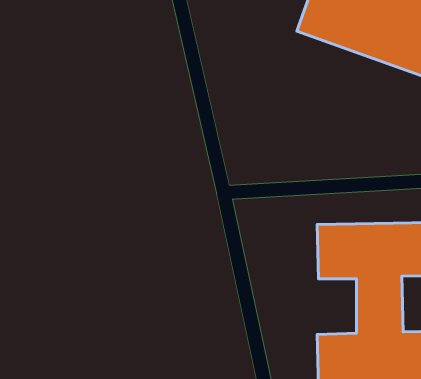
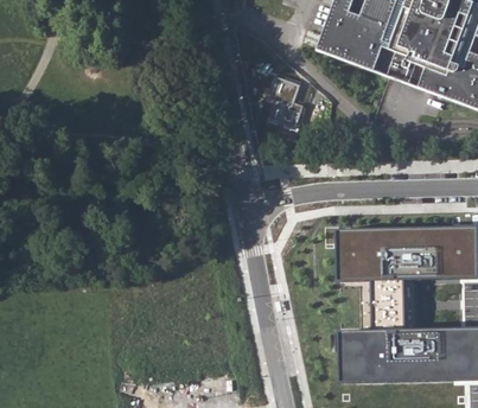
building: none -> [274,77,307,128]

